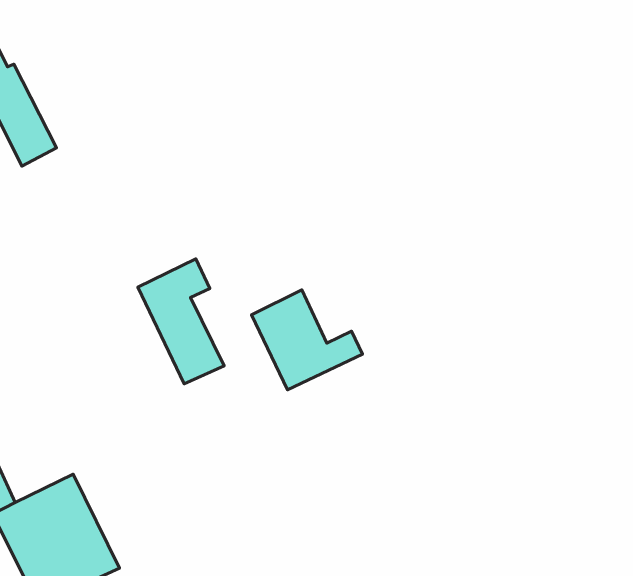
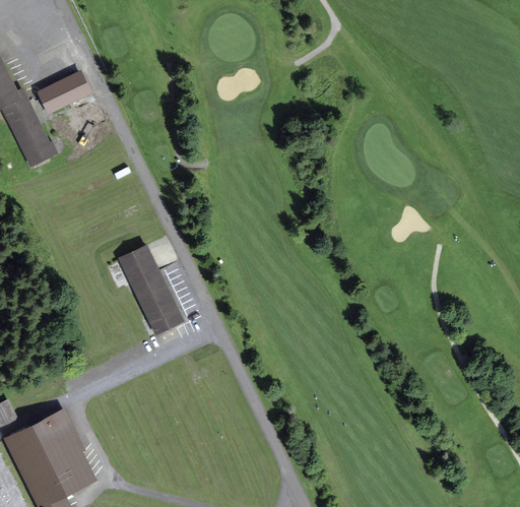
building: none -> [35,69,89,113]
building: [251,290,362,390] -> none

